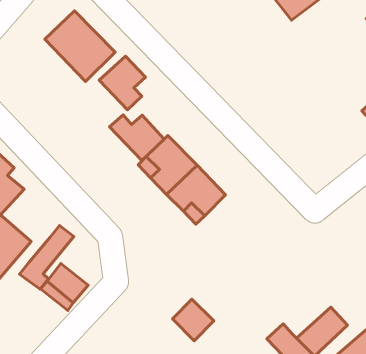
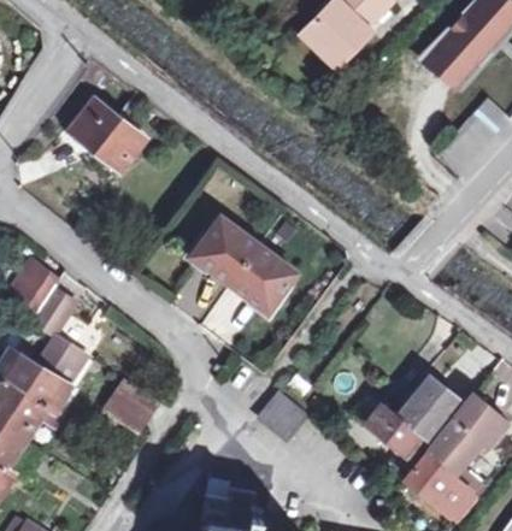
building: [99,56,146,110] -> none
building: [109,115,164,160] -> none
building: [20,225,74,289] -> none

